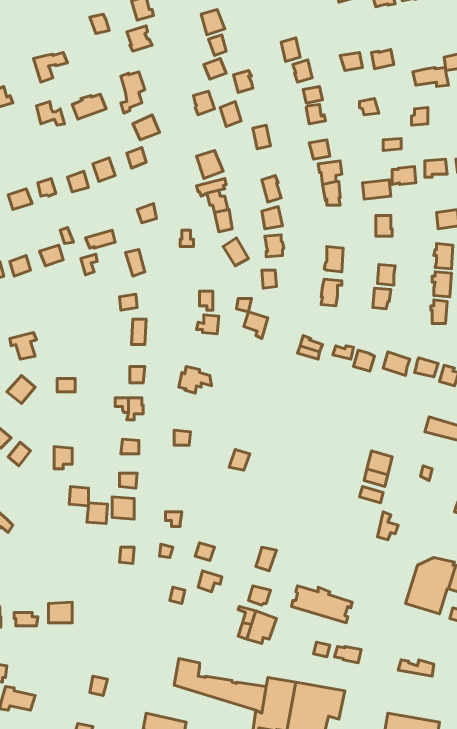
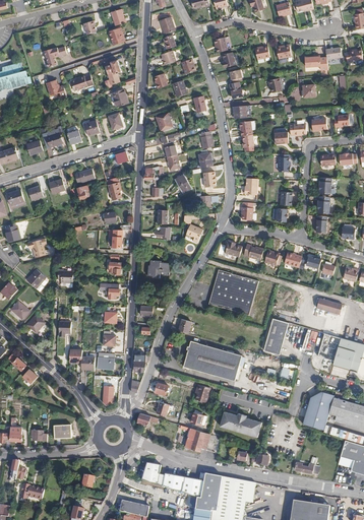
building: none -> [209,270,259,316]
building: none -> [182,340,241,380]

